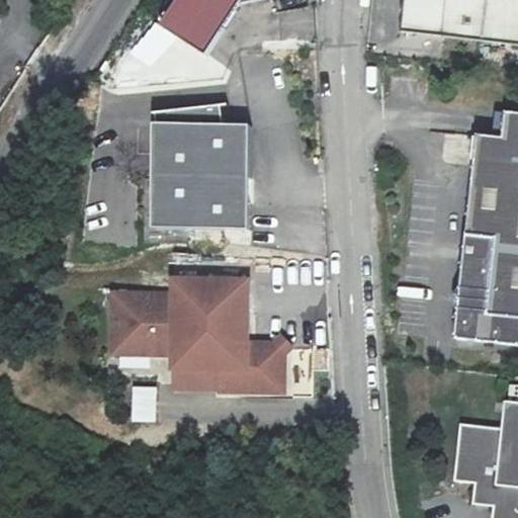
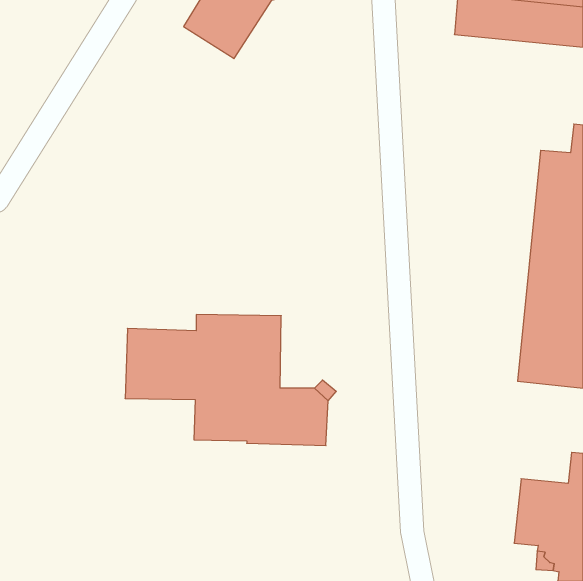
building: [153,104,250,230] -> none

